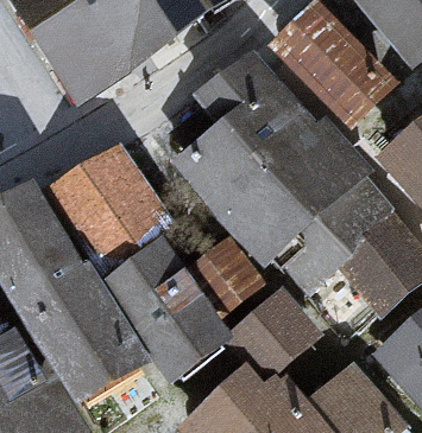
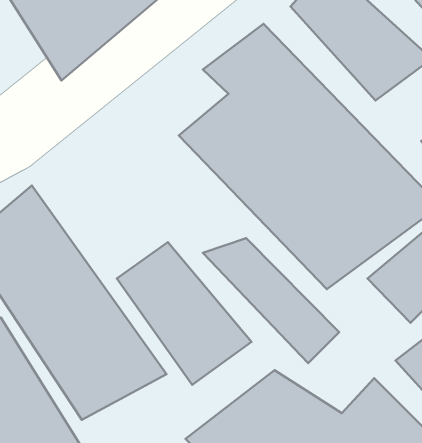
building: [55,144,179,274] -> none

